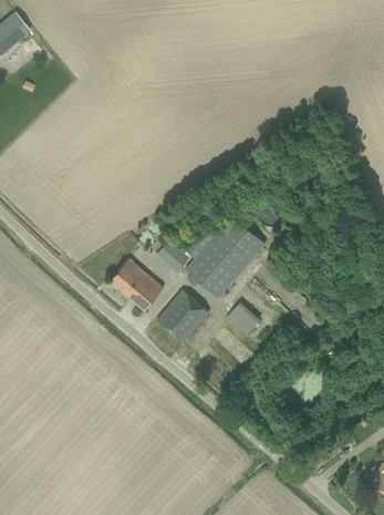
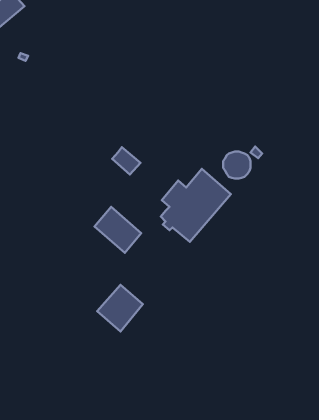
building: [157,240,189,271] -> [112,147,140,175]
building: [156,290,208,343] -> [97,285,143,331]
building: [226,305,258,336] -> none

